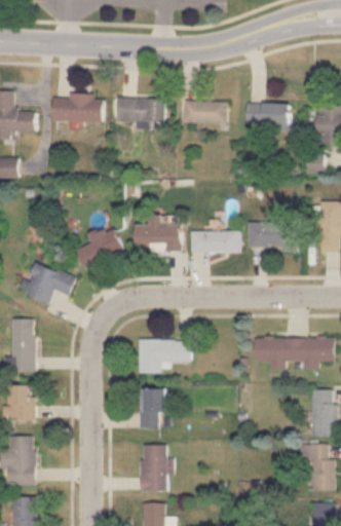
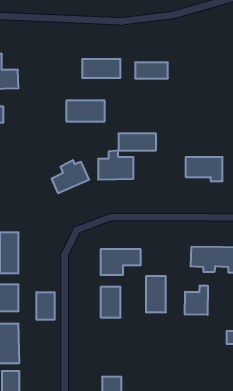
building: [51,95,101,121] -> [66,101,105,121]
building: [243,104,288,124] -> none
building: [191,231,239,253] -> [118,134,156,150]
building: [22,263,74,305] -> none
building: none -> [185,285,208,315]
building: none -> [36,292,55,320]
building: [141,446,166,492] -> [146,276,166,312]

